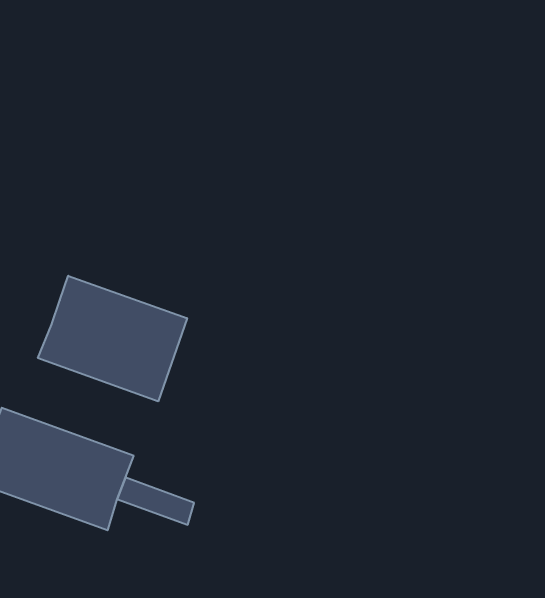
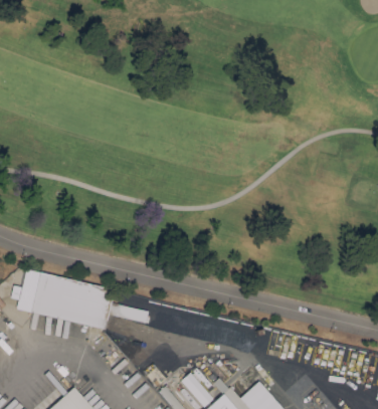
building: [38,276,187,401] -> none

